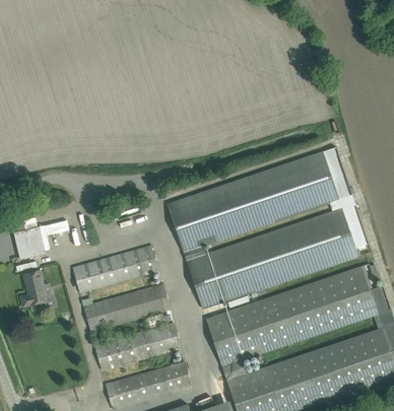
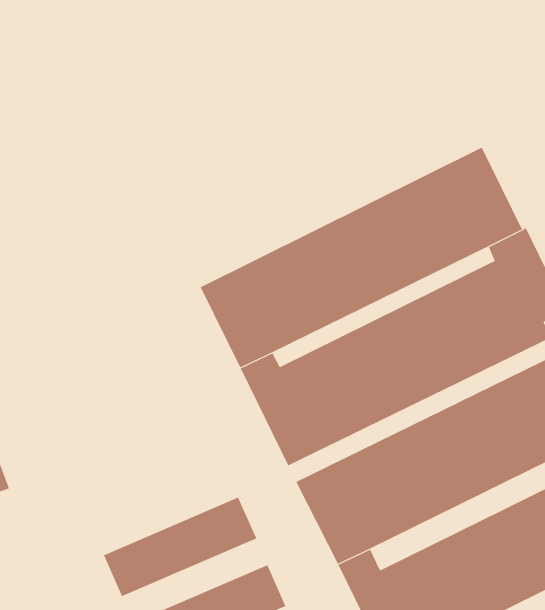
building: [71,245,157,292] -> none
building: [82,284,169,331] -> none

